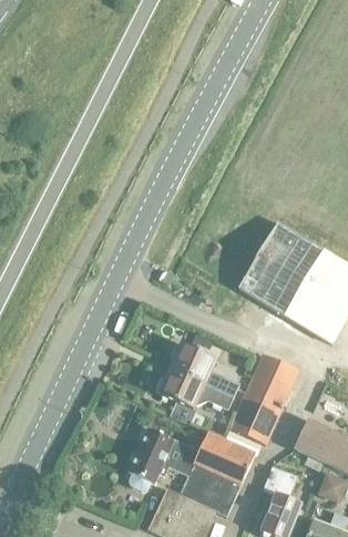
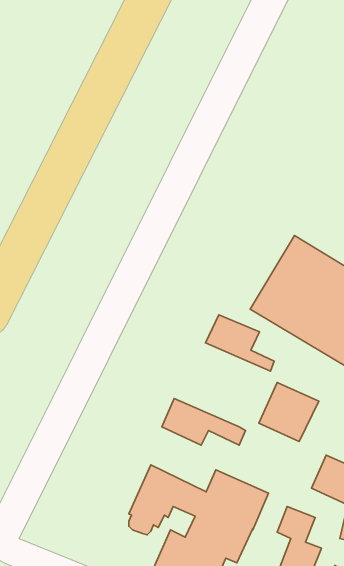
building: [170,343,232,394] -> [206,315,274,371]
building: [228,391,283,445] -> none

